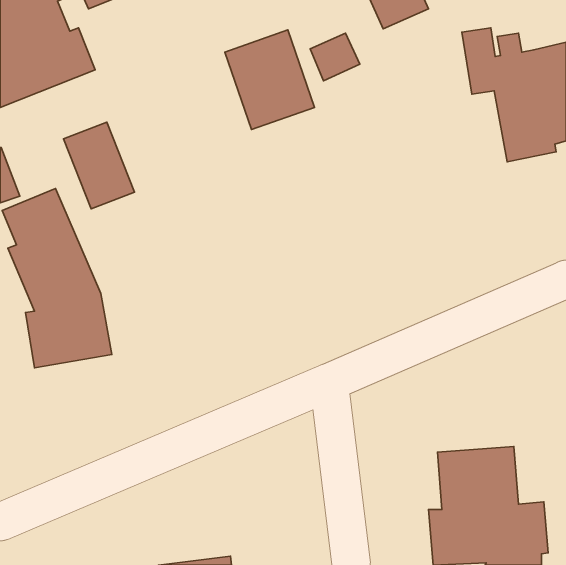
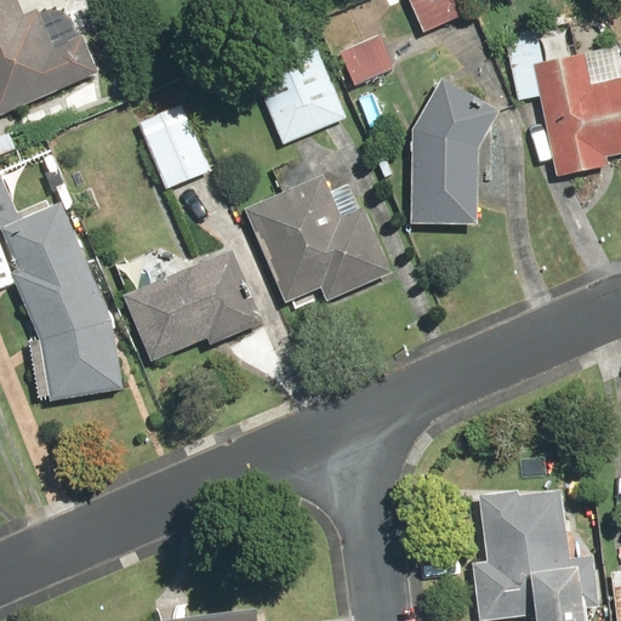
building: none -> [410,79,495,224]
building: [64,122,134,209] -> [137,97,215,192]
building: none -> [244,175,389,308]
building: none -> [120,247,262,363]

